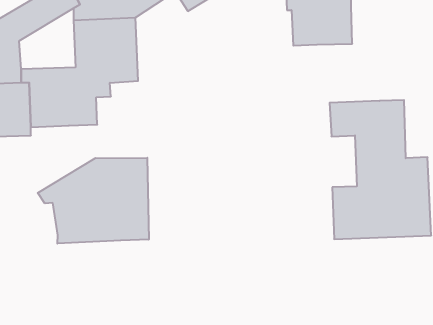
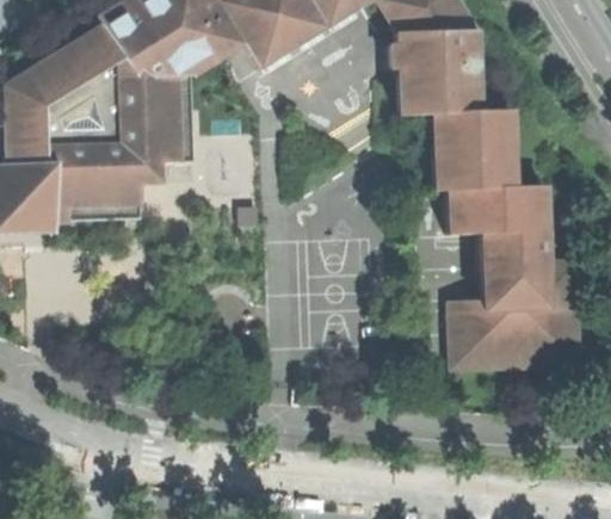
building: none -> [37,63,111,143]
building: none -> [428,109,511,187]
building: [38,158,149,244] -> none

